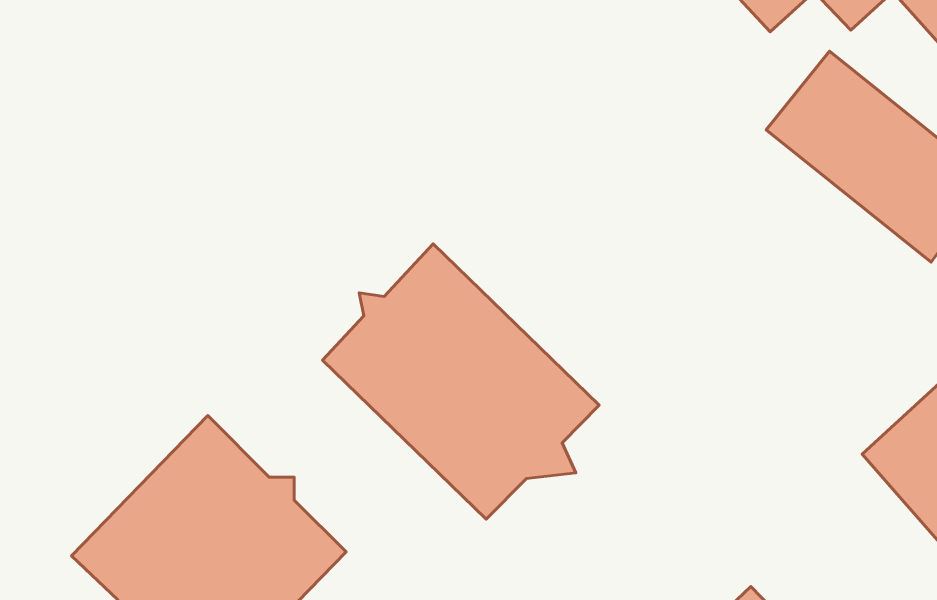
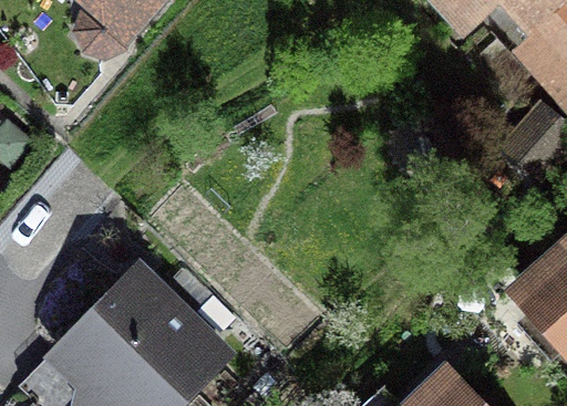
building: [322,244,599,519] -> none

